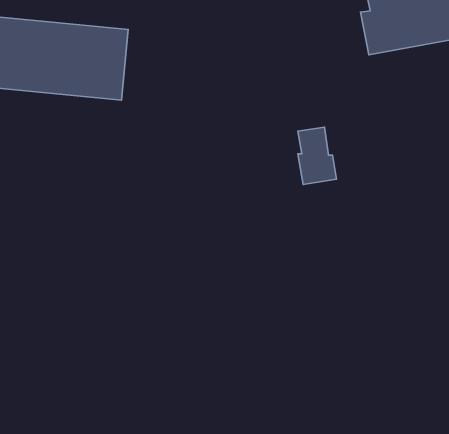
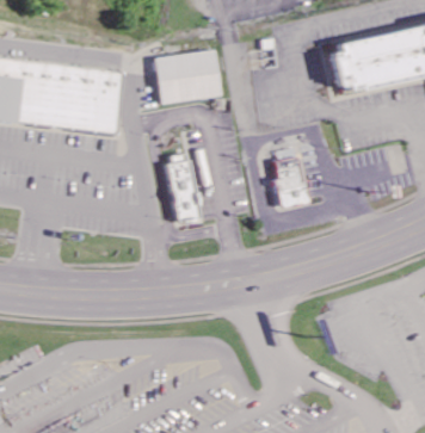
building: none -> [155,50,222,104]
building: none -> [167,153,199,223]

